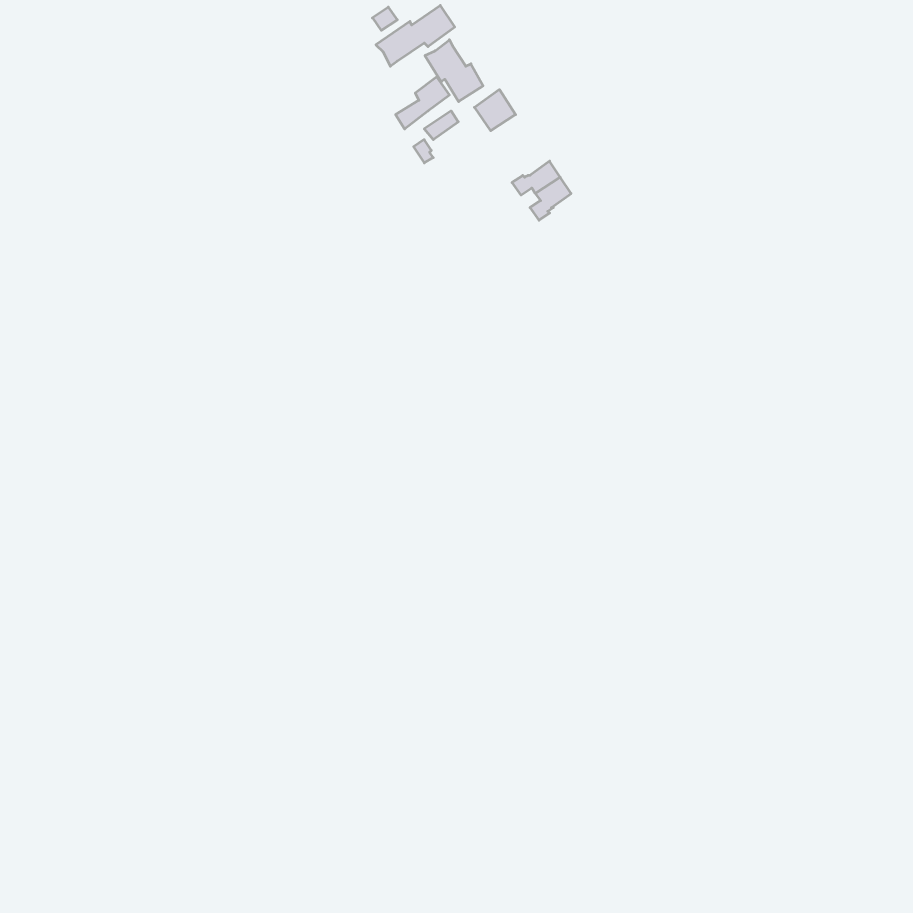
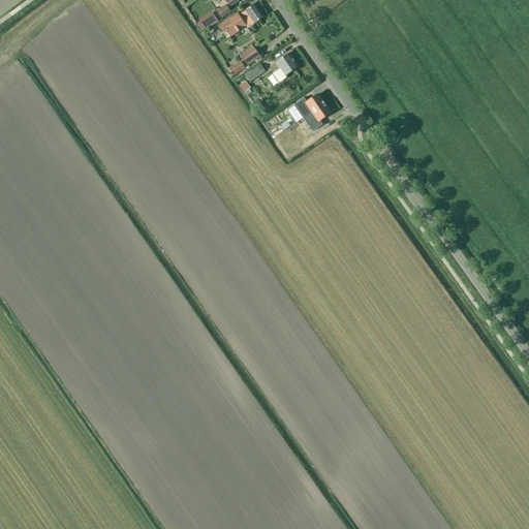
building: [425,40,483,102] -> none

